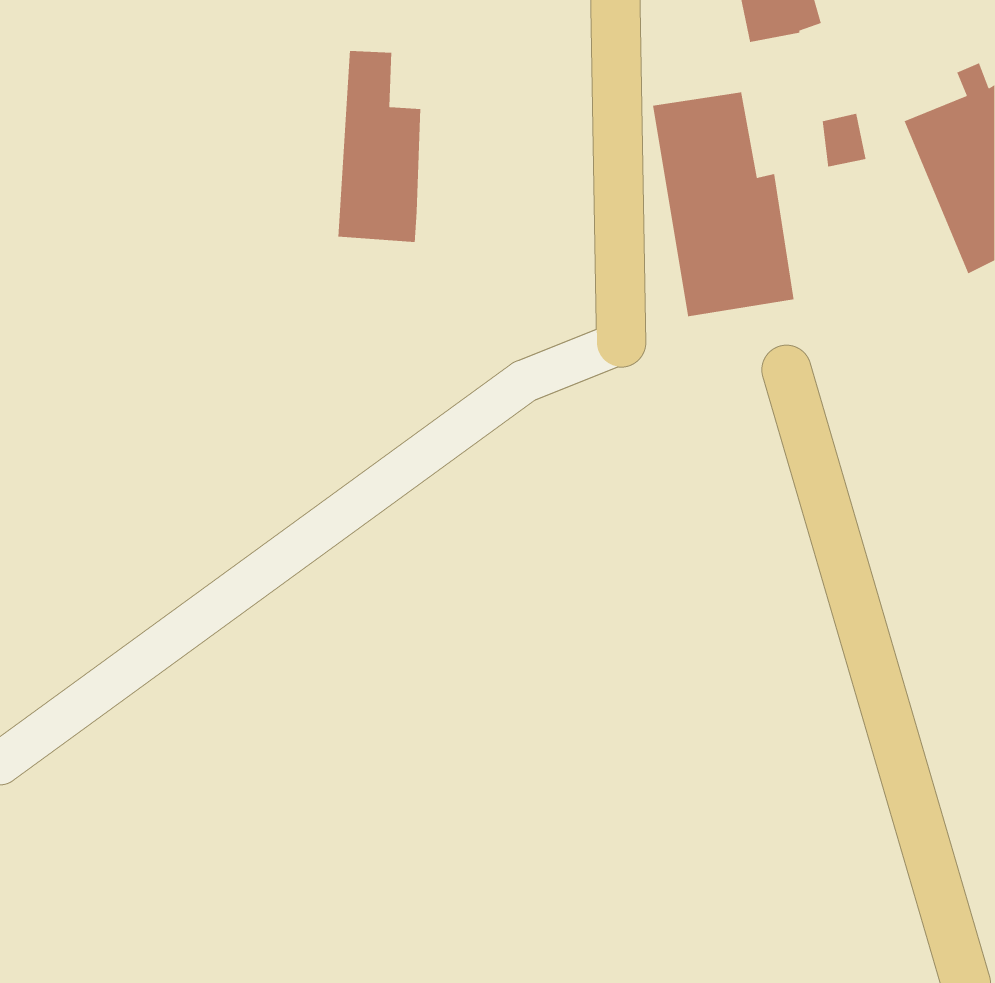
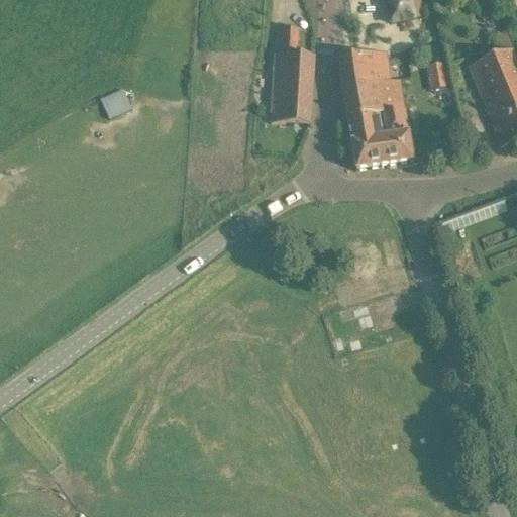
building: [338,50,421,243] -> [271,22,314,122]
building: none -> [100,87,130,117]

